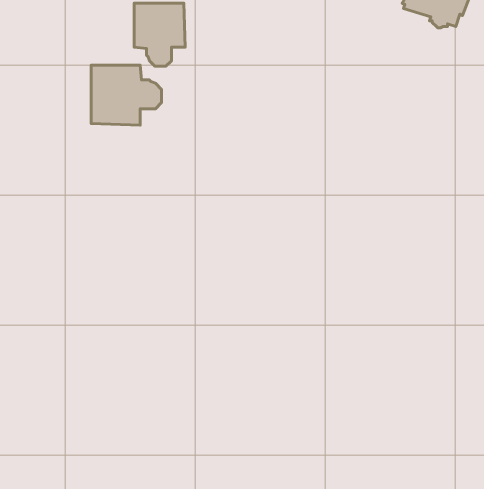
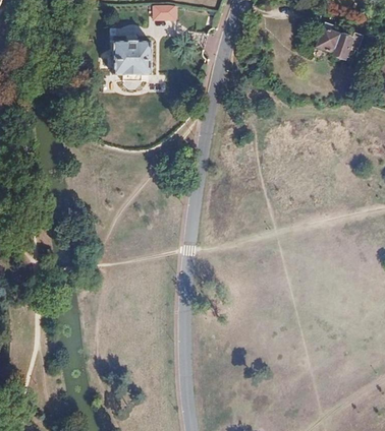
building: [91,65,161,125] -> none

